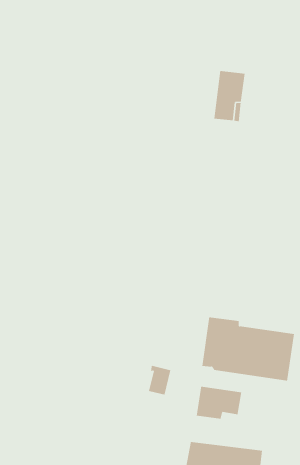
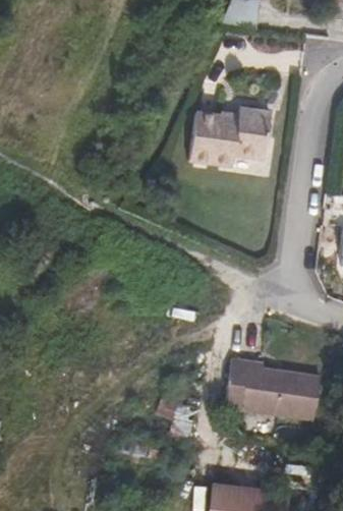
building: none -> [190,107,244,166]
building: [196,386,242,419] -> none

